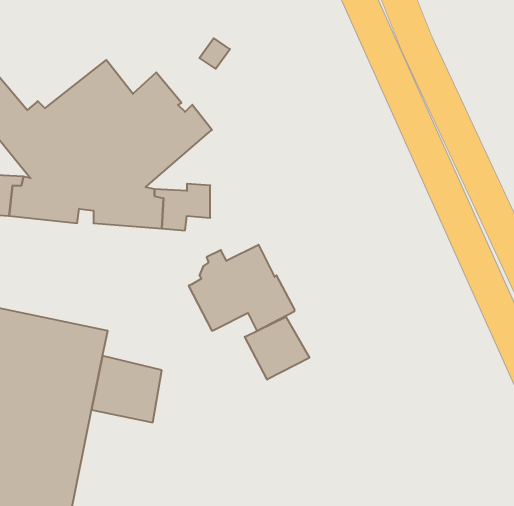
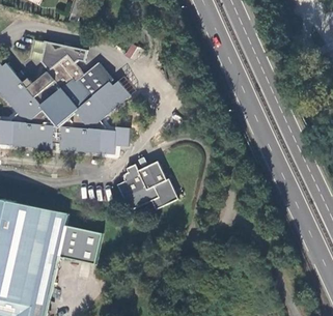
building: none -> [41,41,85,69]
building: [245,317,309,380] -> none

